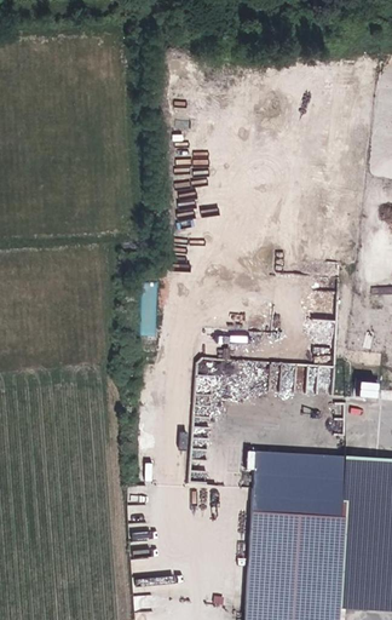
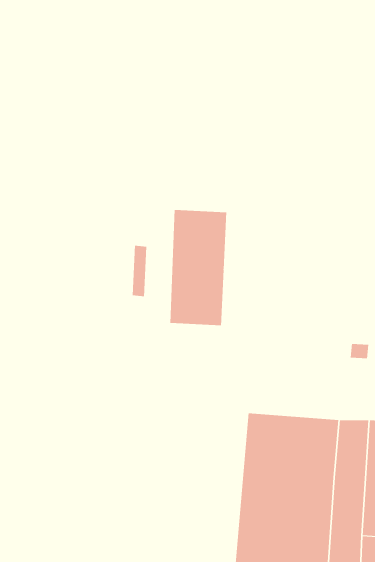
building: none -> [170,209,227,326]

